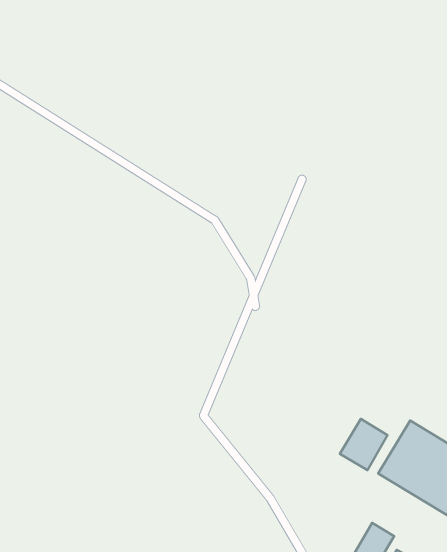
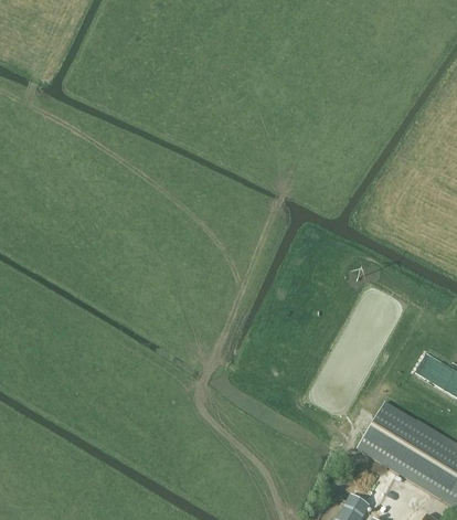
building: [340,419,388,470] -> none

